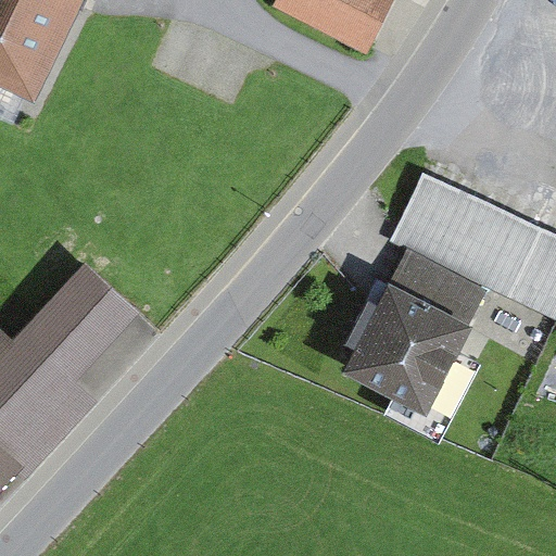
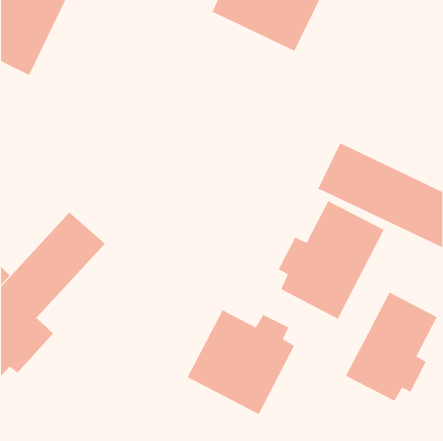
building: none -> [345,291,438,402]
building: none -> [187,309,295,415]

